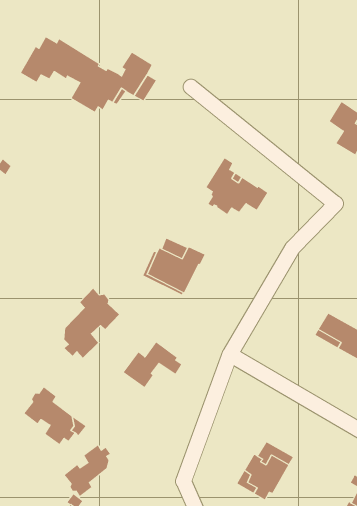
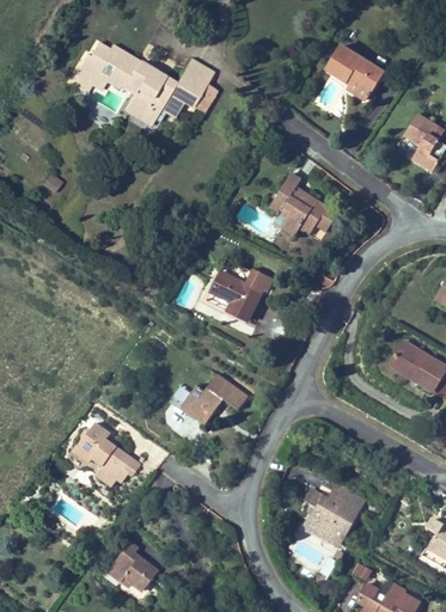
building: none -> [326,45,384,99]
building: [63,288,120,359] -> none
building: [64,445,111,497] -> none

